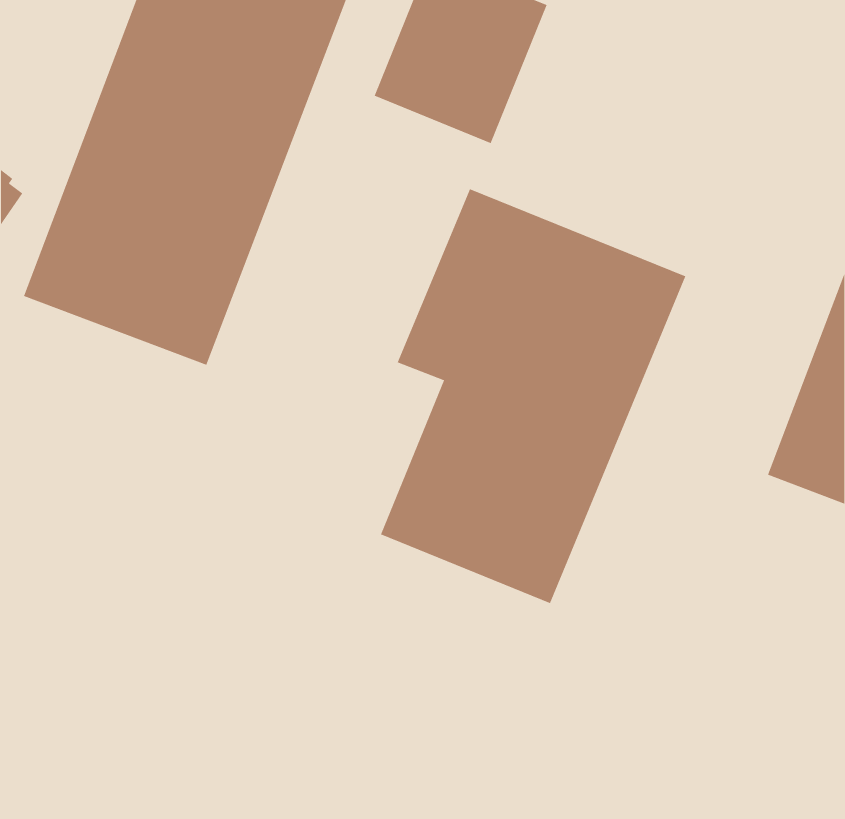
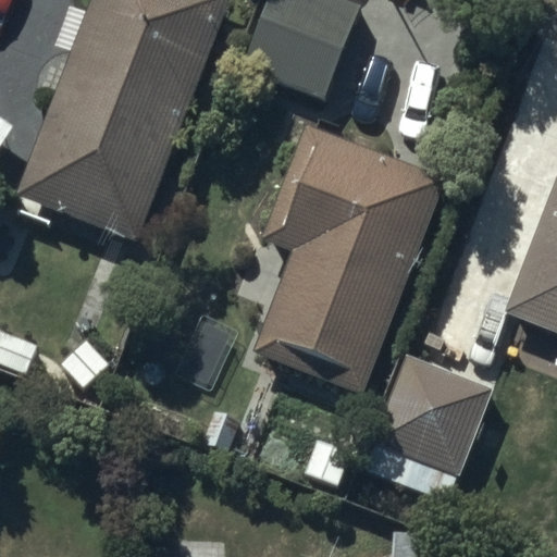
building: none -> [364,355,491,496]

